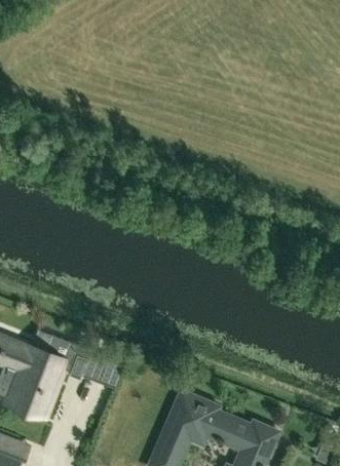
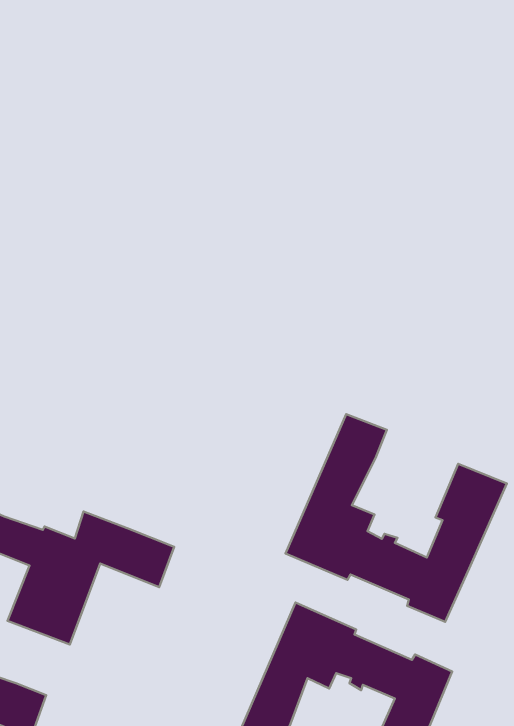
building: none -> [286,414,507,622]

